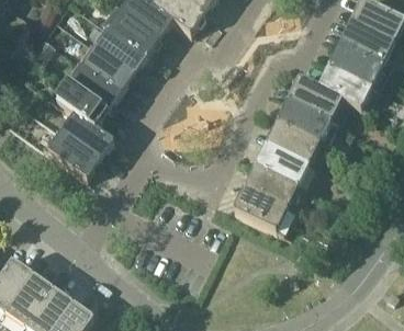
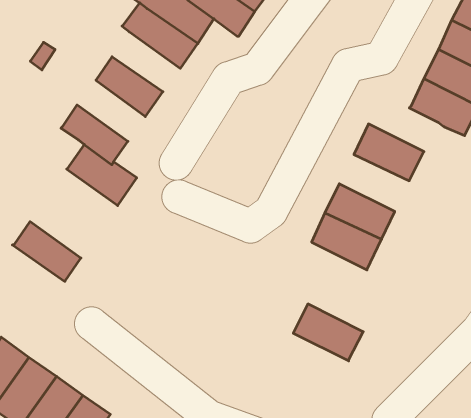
building: [96,27,147,72] -> none
building: [69,64,121,110] -> none
building: [289,73,341,117] -> none
building: [267,119,319,162] -> none
building: [48,130,100,175] -> [12,222,81,281]
building: [235,185,288,228] -> [293,304,363,361]

